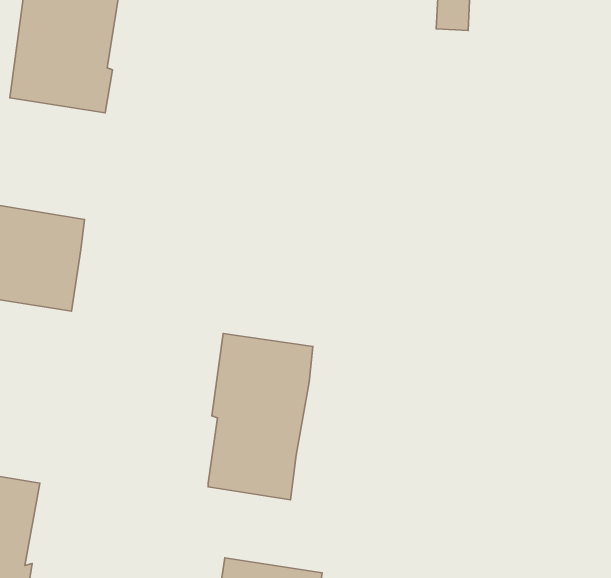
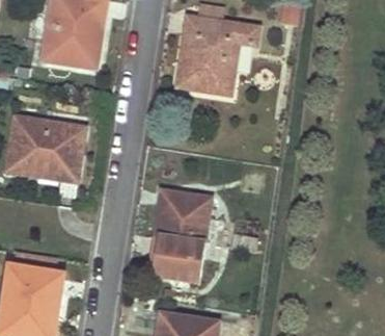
building: none -> [176,16,258,94]

